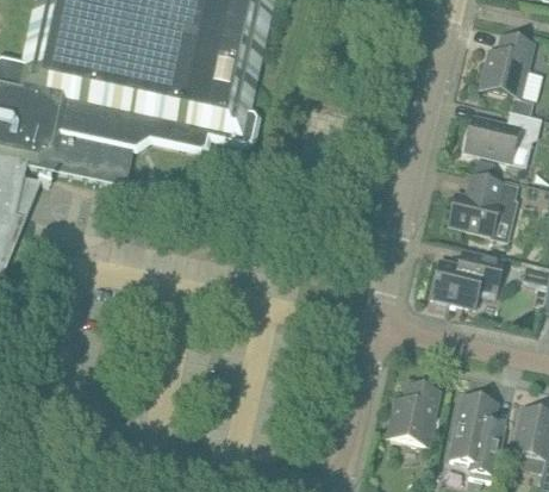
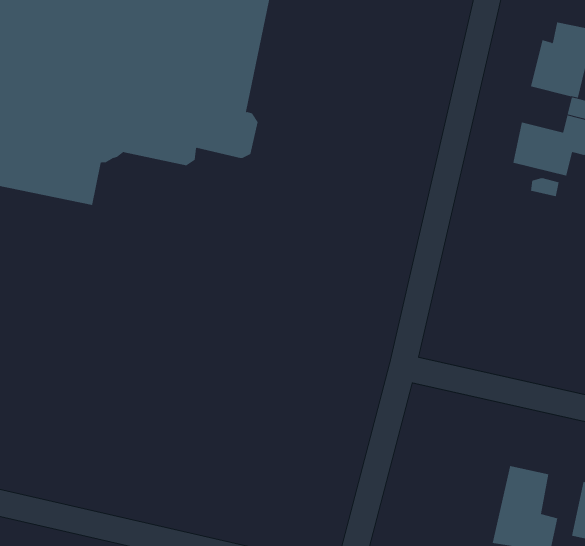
building: [449,174,519,233] -> none
building: [431,253,504,305] -> none
building: [388,382,439,444] -> none

